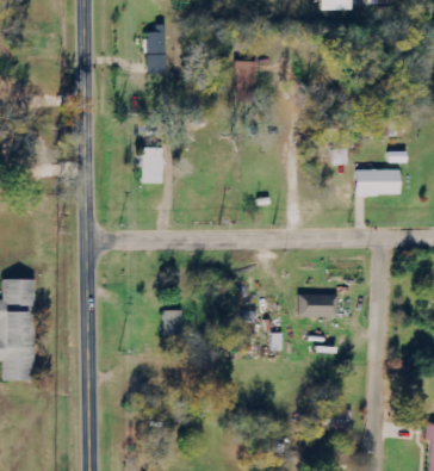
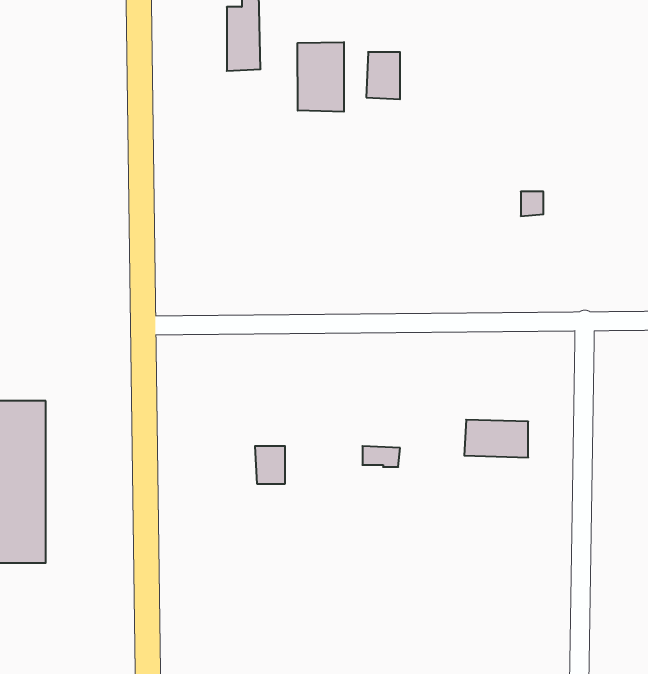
building: none -> [298,42,344,112]
building: [142,144,165,180] -> none
building: [355,167,399,192] -> none

